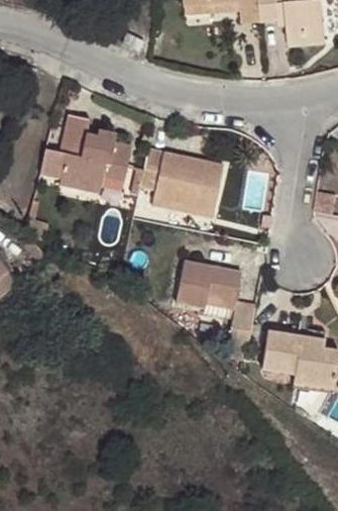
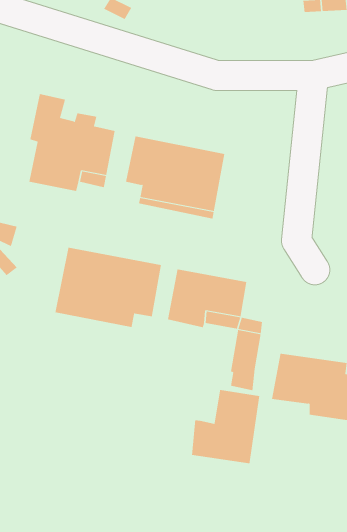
building: none -> [55,247,162,328]
building: none -> [191,389,260,464]

